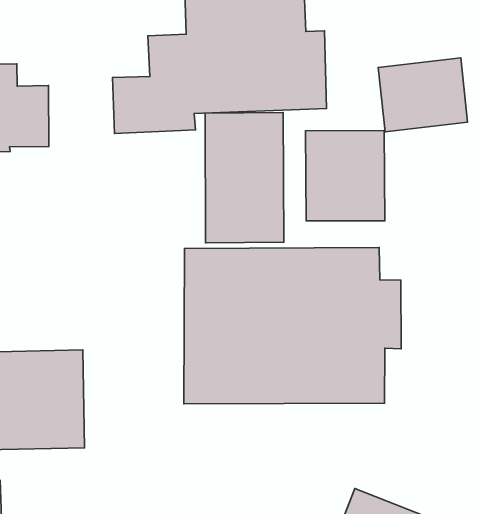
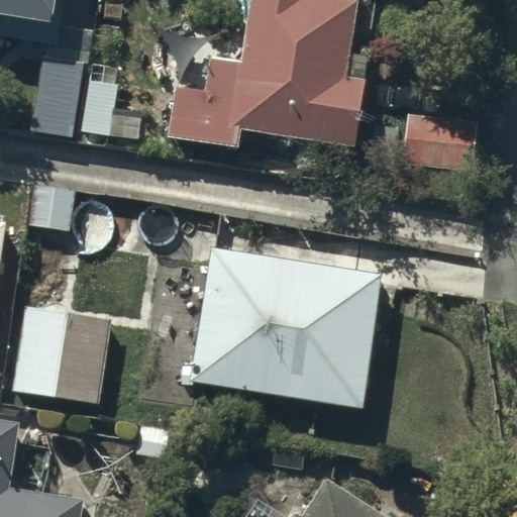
building: [205,113,284,243] -> none
building: [305,131,385,221] -> none

